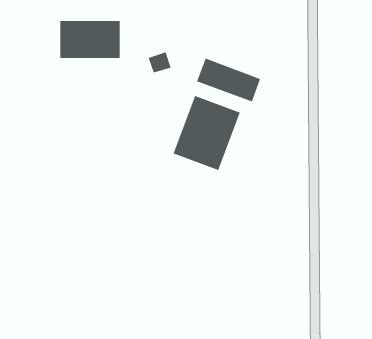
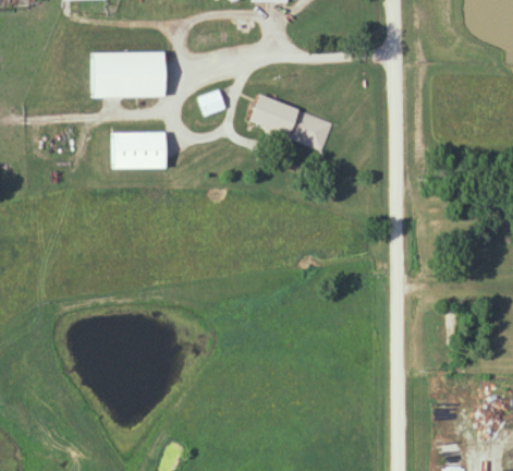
building: none -> [112,131,164,168]
building: [173,95,240,171] -> none

